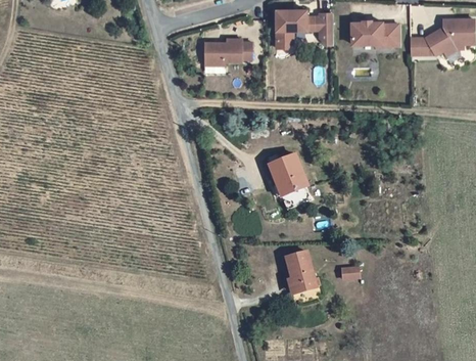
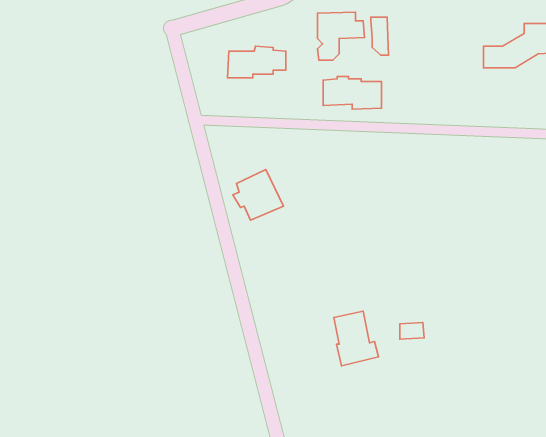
building: [351,21,398,48] -> [323,76,381,109]
building: [263,154,303,195] -> [233,169,284,220]

